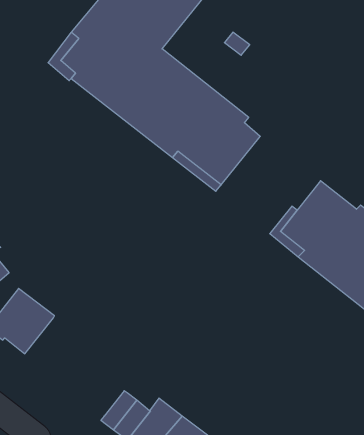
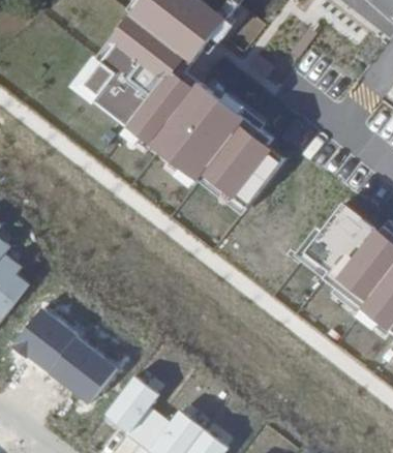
building: none -> [50,335,118,402]
building: none -> [105,376,159,431]

